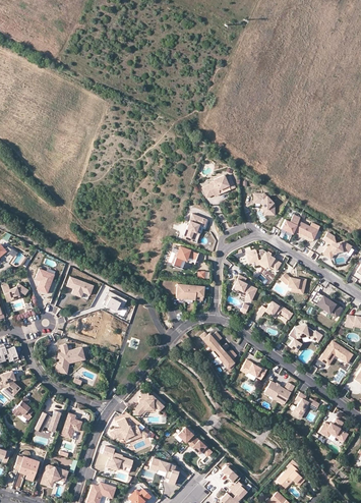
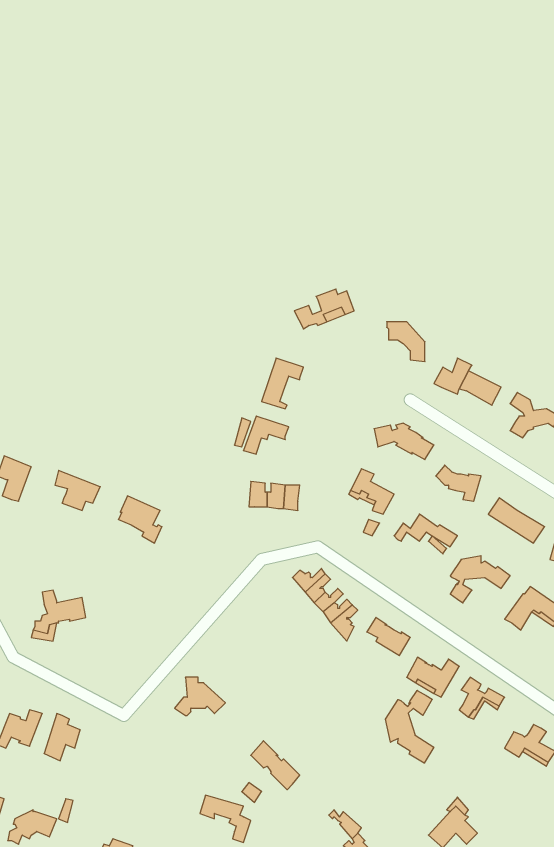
building: none -> [386,690,434,763]
building: [110,417,147,440] -> none
building: [101,446,132,470] -> none

